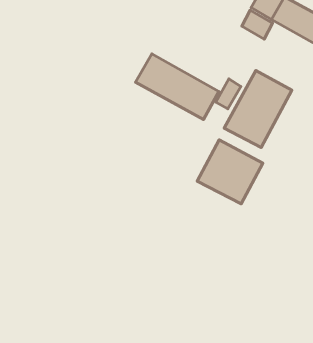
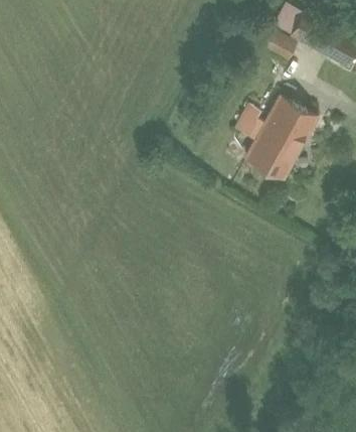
building: [136,54,219,119] -> none
building: [197,140,263,204] -> none

